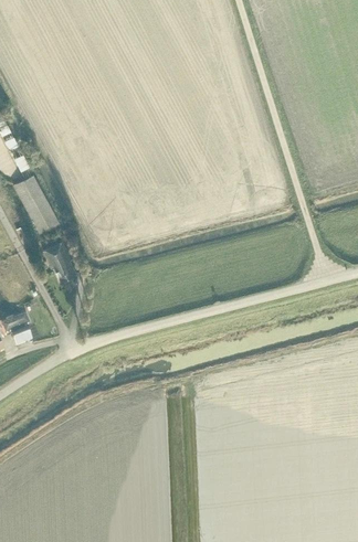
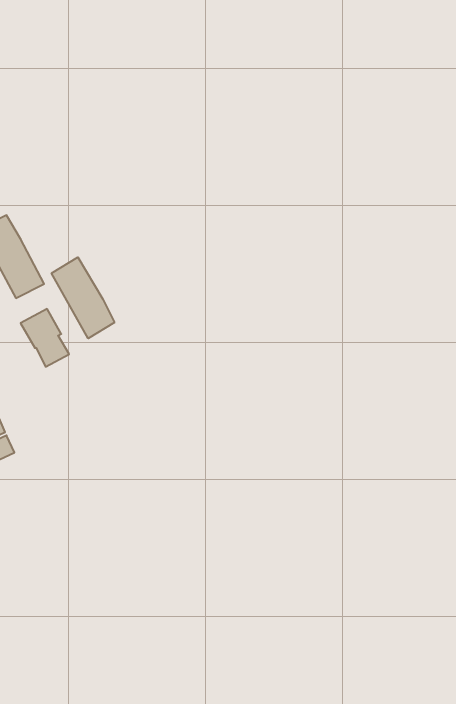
building: none -> [52,257,114,338]

